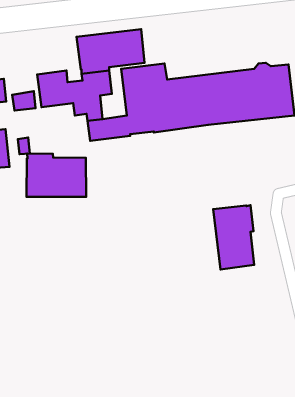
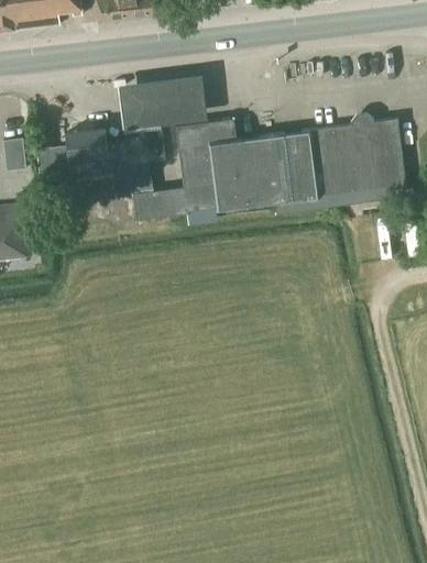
building: [26,154,86,197] -> none
building: [213,205,254,270] -> none

